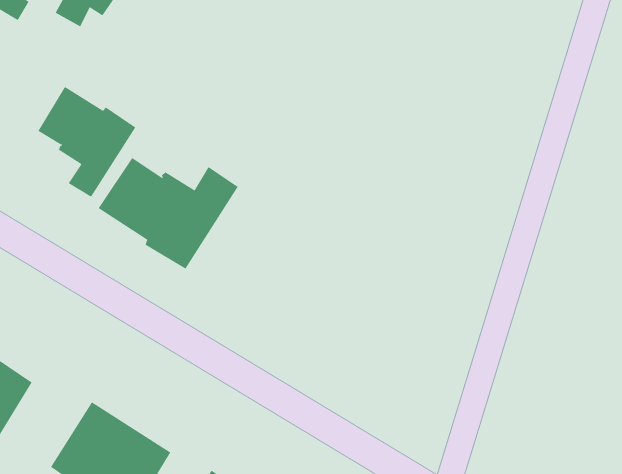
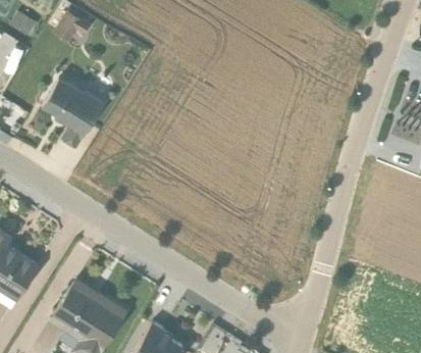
building: [98,157,238,269] -> none

